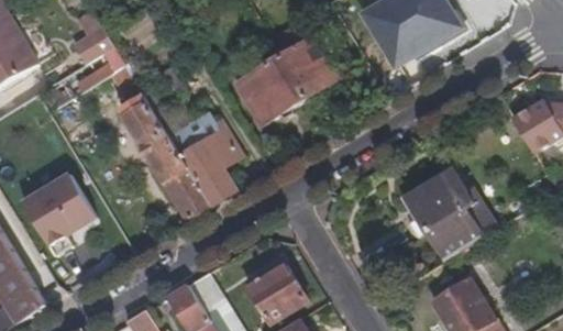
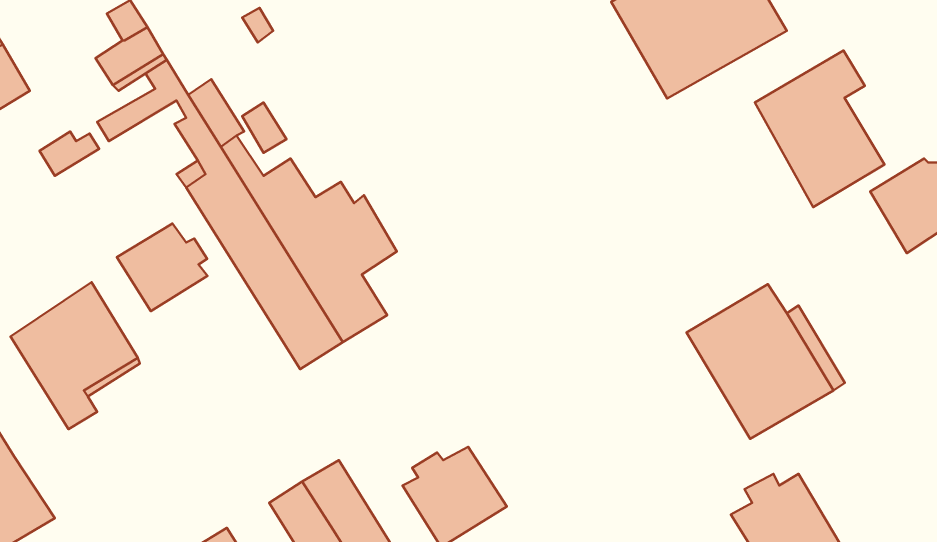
building: [240,20,338,125] -> none
building: none -> [755,50,884,207]
building: none -> [117,223,207,311]

